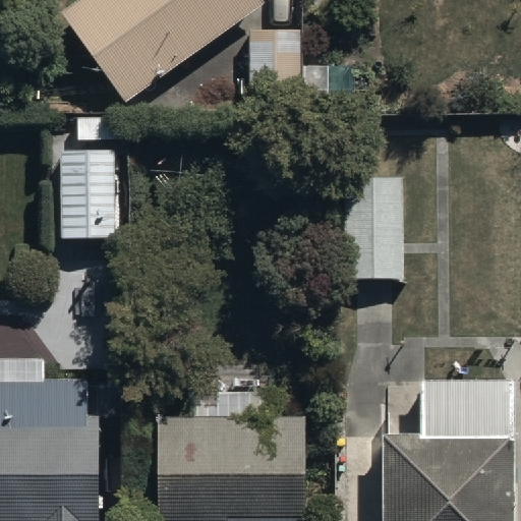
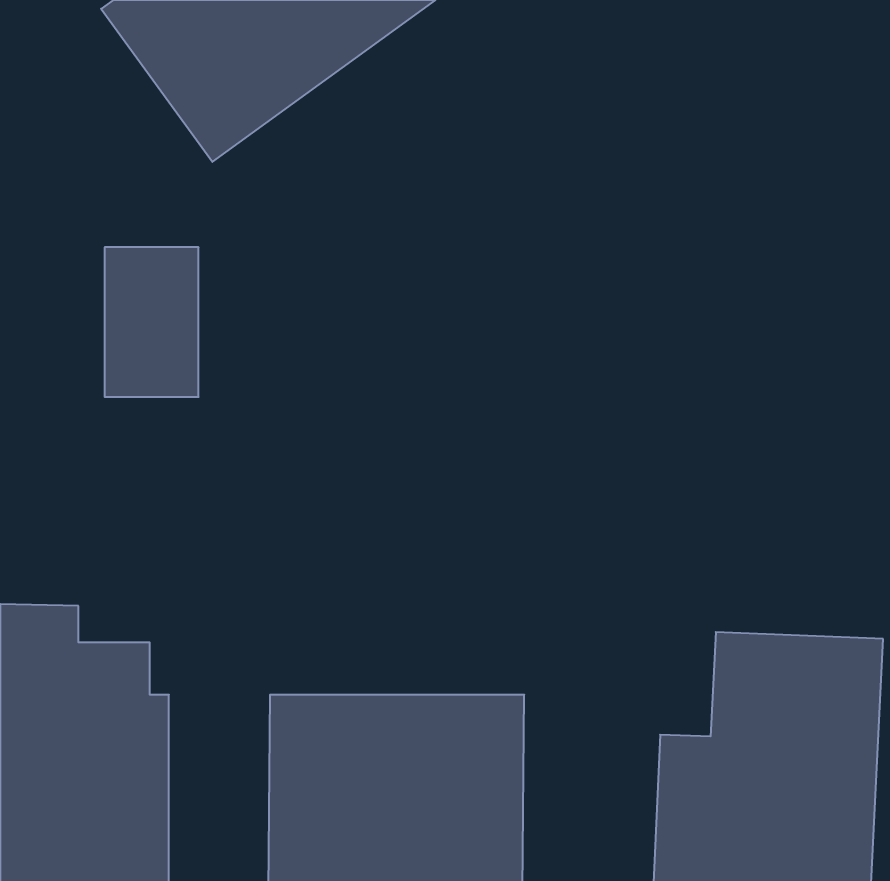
building: [344,177,404,278] -> none

